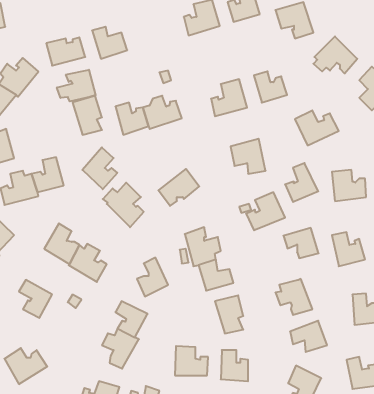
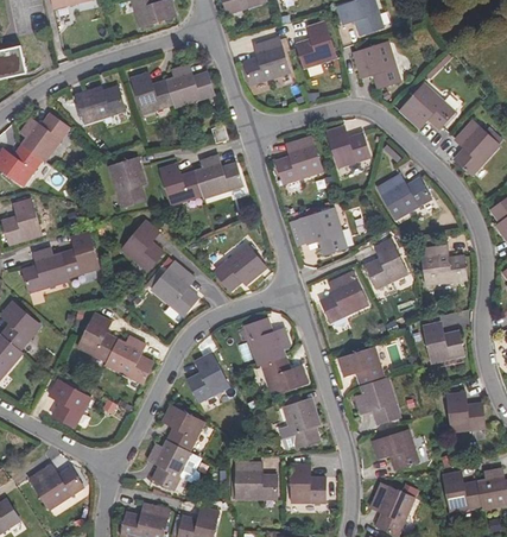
building: none -> [169,64,214,105]
building: [57,70,96,101] -> none
building: [283,228,319,258] -> [342,350,385,387]

